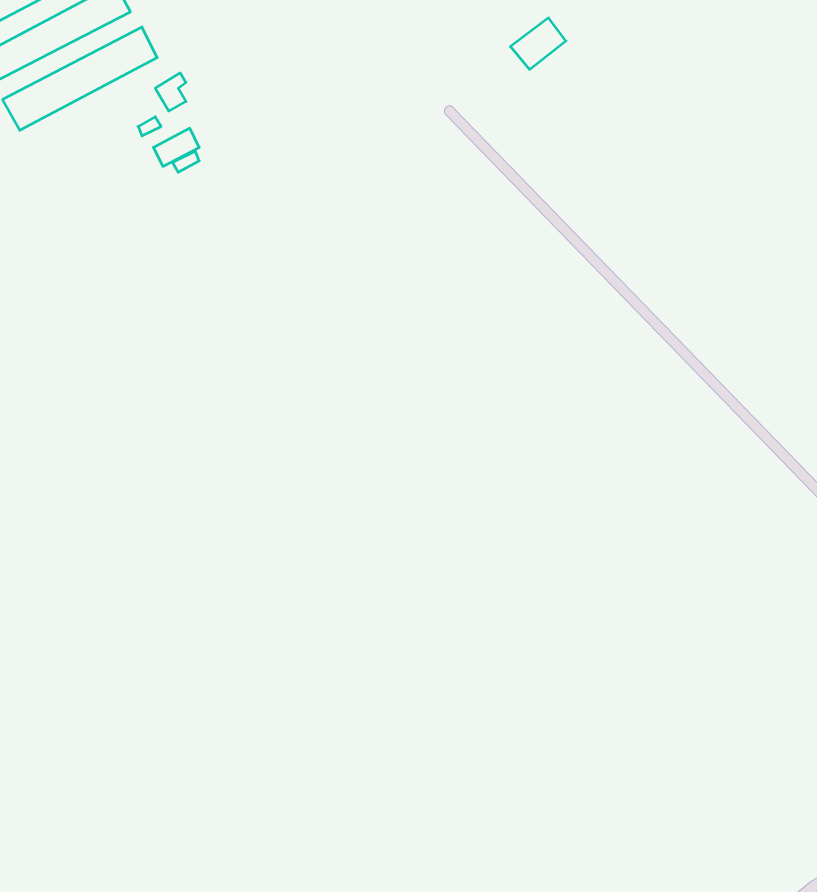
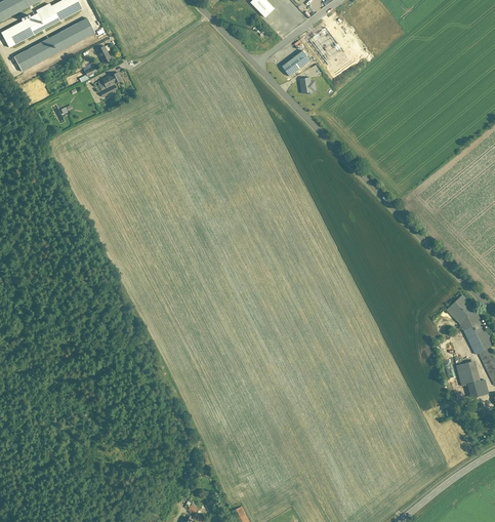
building: [510,18,566,69] -> [279,48,308,76]

